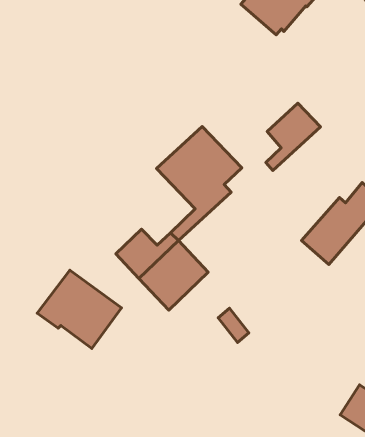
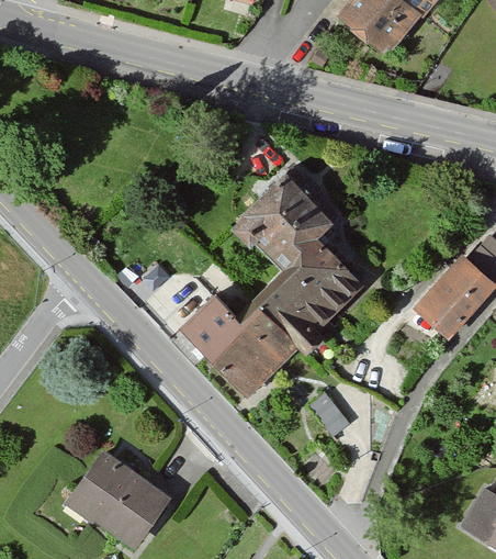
building: [266,103,320,171] -> none
building: none -> [261,249,362,356]
building: [37,270,122,348] -> [66,451,171,549]

